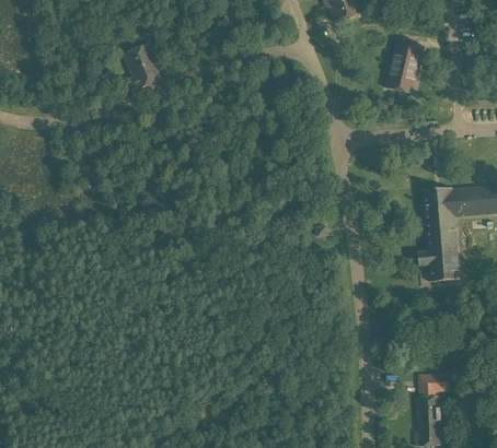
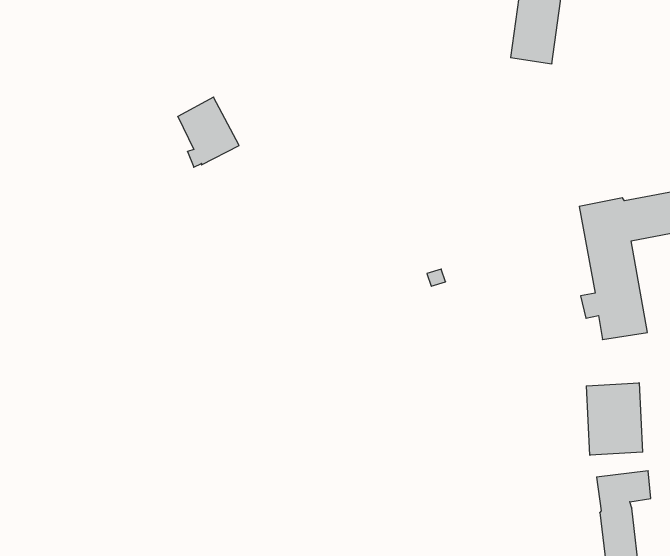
building: [125,44,164,90] -> [178,97,239,167]
building: none -> [586,383,643,455]

